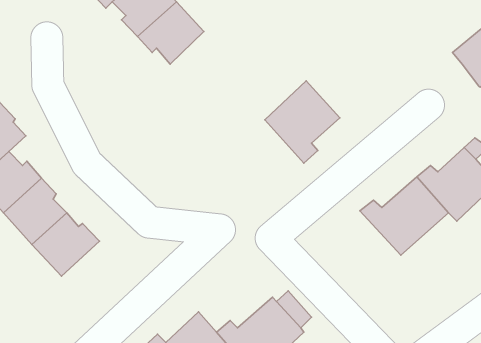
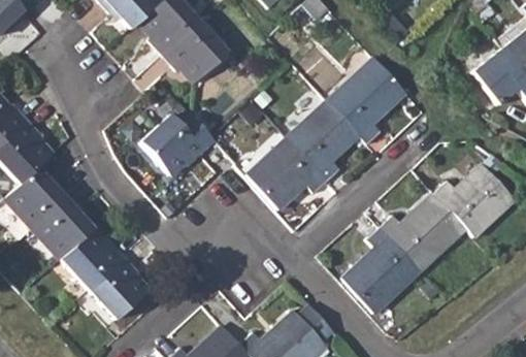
building: none -> [327,59,406,143]
building: none -> [139,115,215,176]
building: none -> [246,138,325,209]
building: none -> [342,227,420,313]
building: none -> [88,257,149,320]

